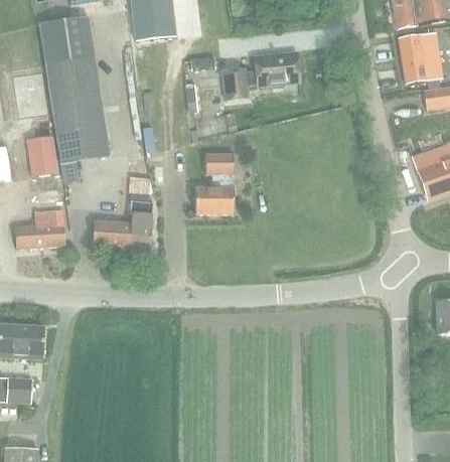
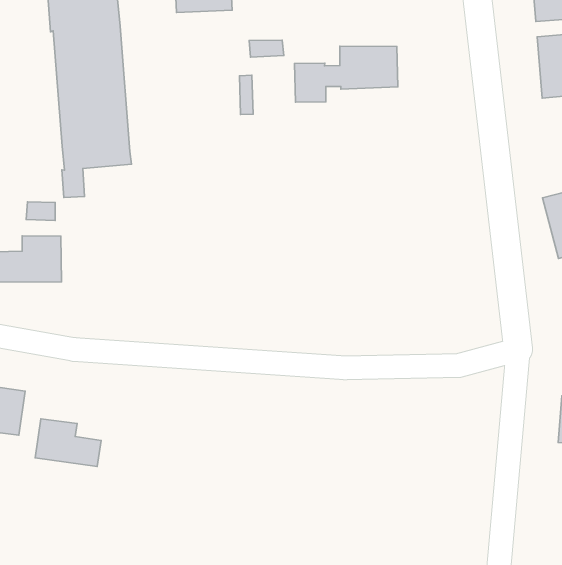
building: [26,135,57,175] -> none
building: [195,153,235,213] -> none
building: [94,191,154,248] -> none
building: none -> [35,419,101,466]

